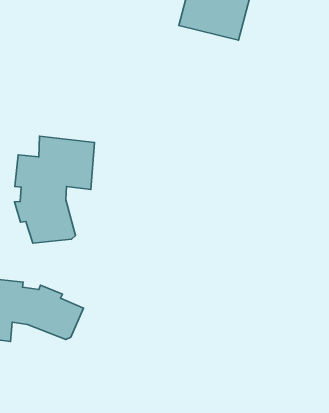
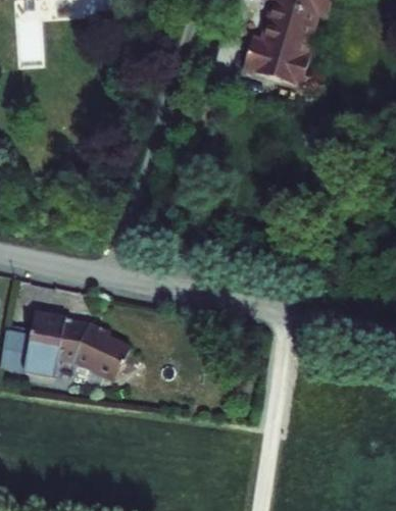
building: [15,136,94,243] -> none

